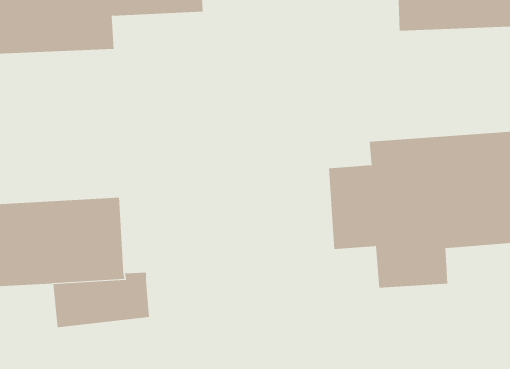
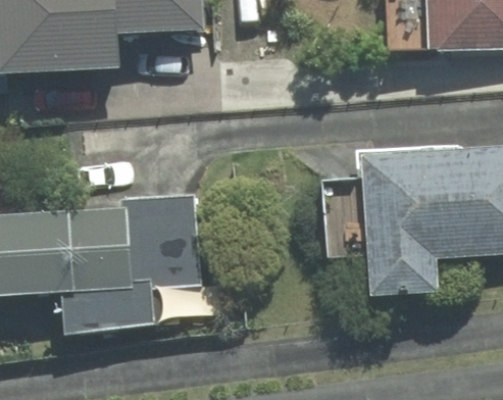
building: none -> [124,193,201,288]

